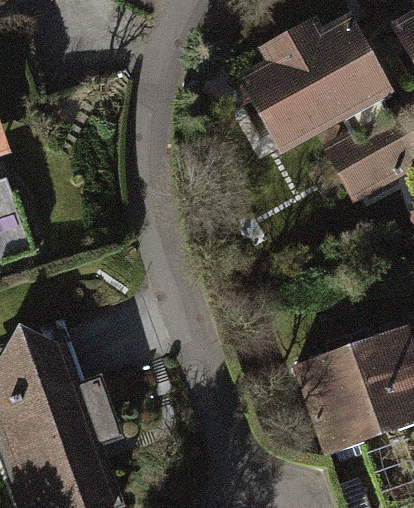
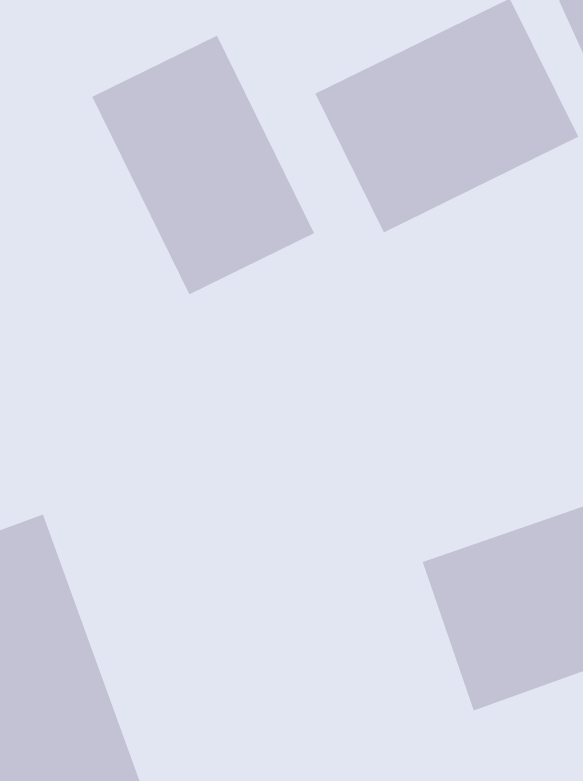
building: none -> [91,35,315,295]

